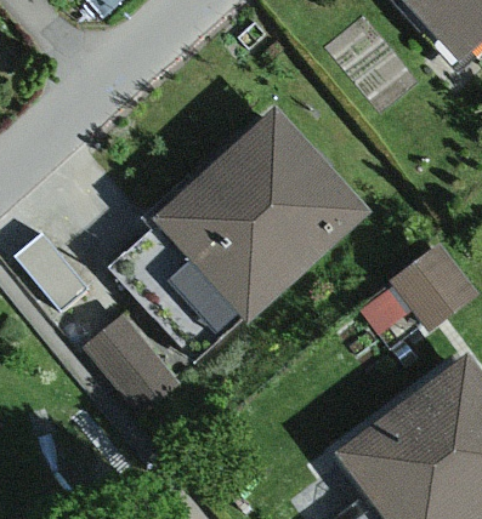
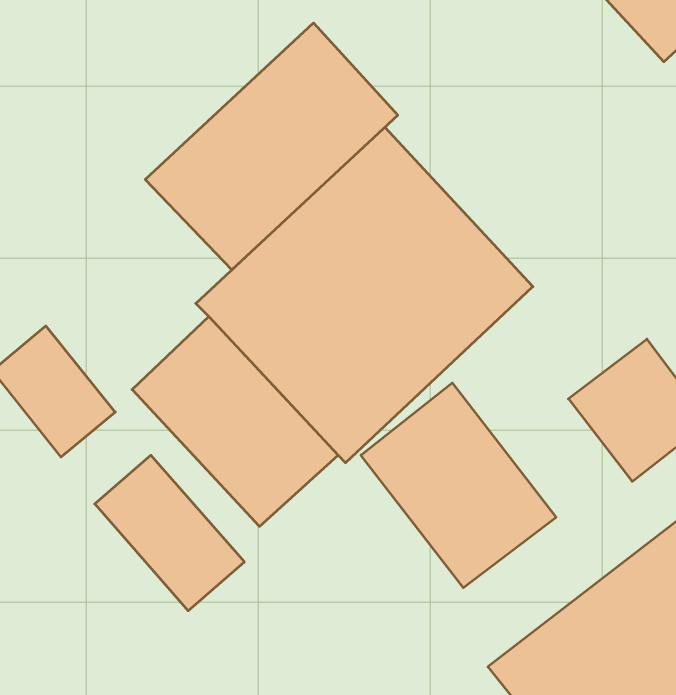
building: none -> [145,23,398,270]
building: none -> [361,383,556,588]

